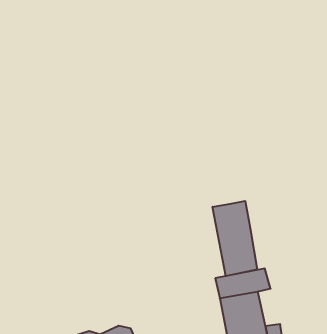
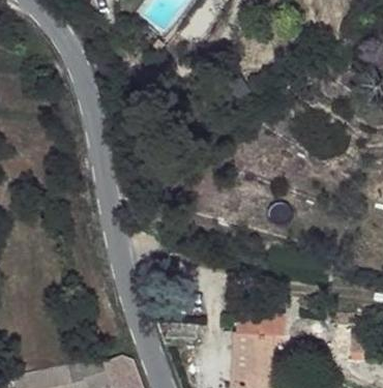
building: [213,201,257,276] -> none

